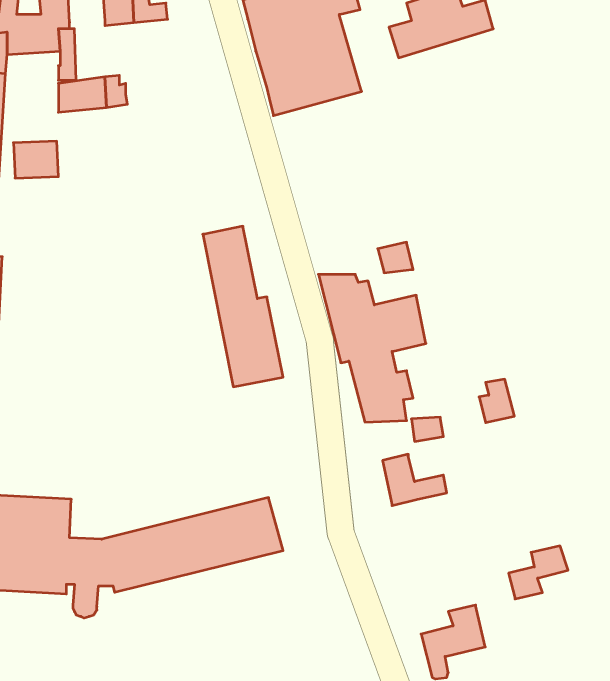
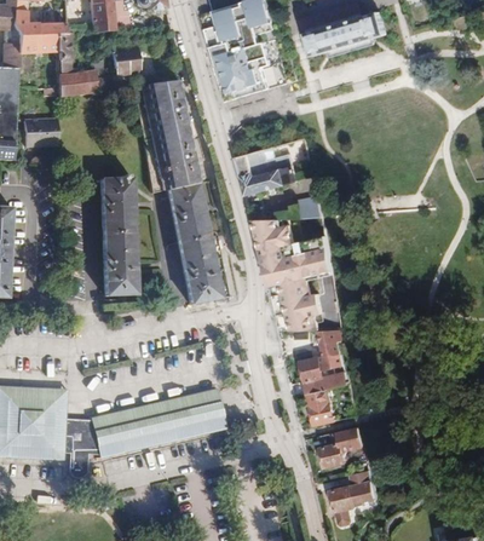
building: none -> [113,47,140,75]
building: none -> [136,81,197,192]
building: none -> [237,152,299,195]
building: none -> [102,178,136,295]
building: [479,379,514,423] -> [322,343,348,375]
building: none -> [310,389,336,425]
building: [509,546,568,599] -> [322,427,367,467]

